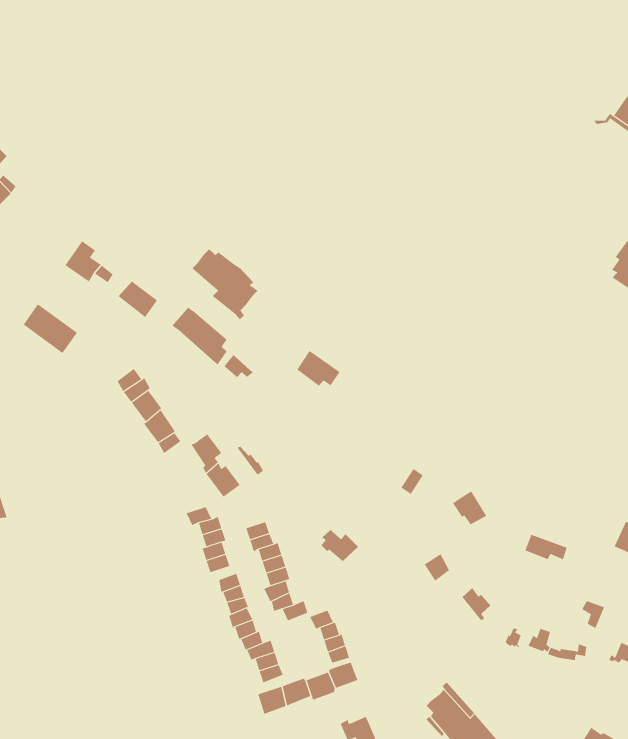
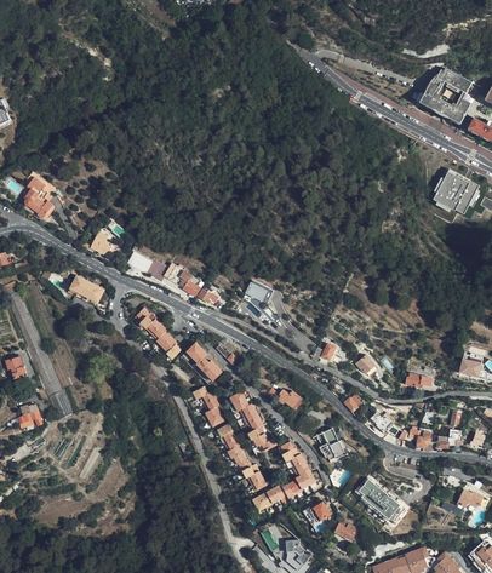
building: [191,248,259,320] -> none
building: none -> [316,428,347,460]

